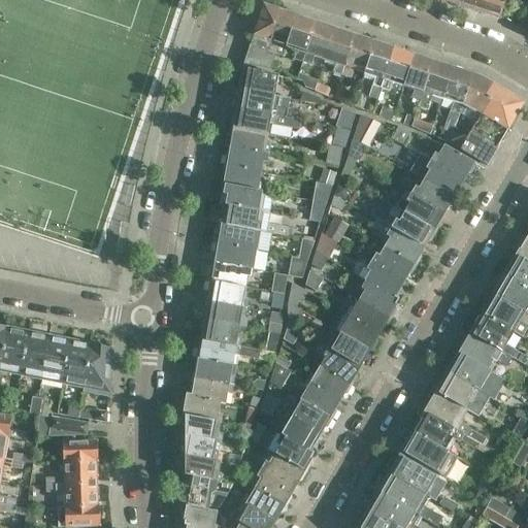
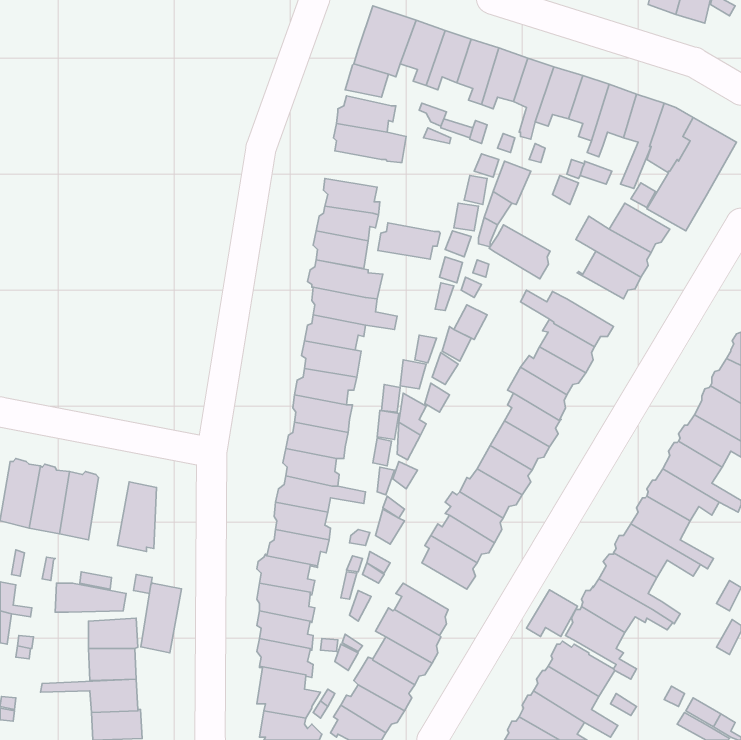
building: [231,107,275,133] -> [378,223,440,259]
building: [400,194,443,232] -> [489,225,550,279]
building: [63,338,92,388] -> [141,583,181,653]
building: [287,400,332,433] -> none
building: none -> [526,590,577,637]

